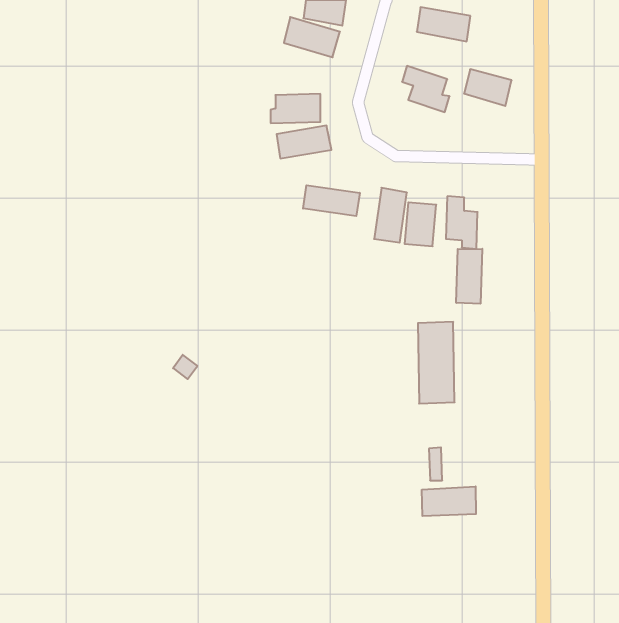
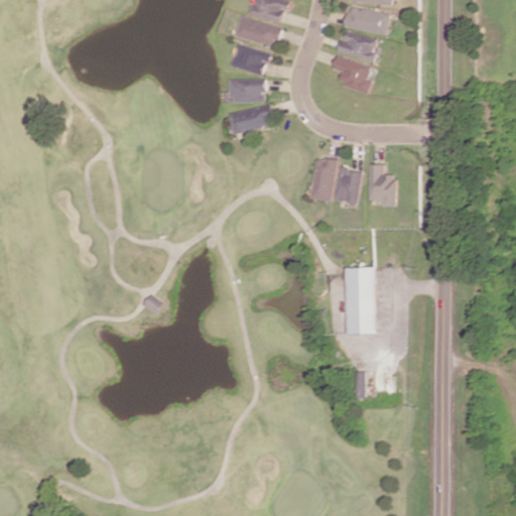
building: none -> [232,43,269,75]
building: [464,69,512,106] -> [339,30,378,60]
building: [303,185,360,216] -> none
building: [456,249,482,304] -> none
building: [422,486,476,516] -> none

